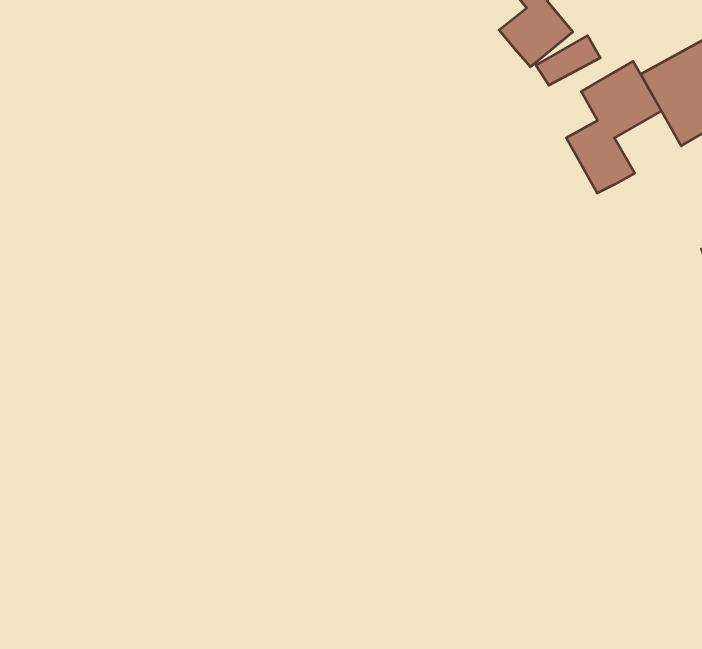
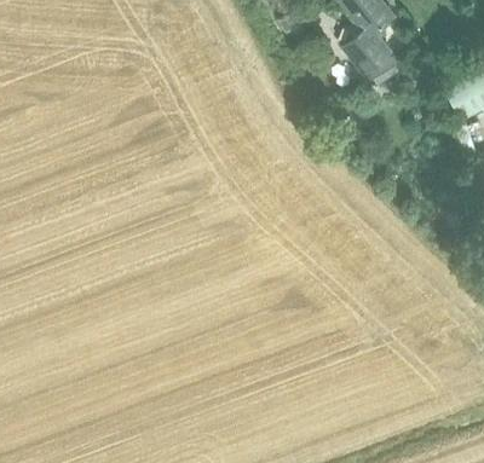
building: [566,61,661,193] -> none

